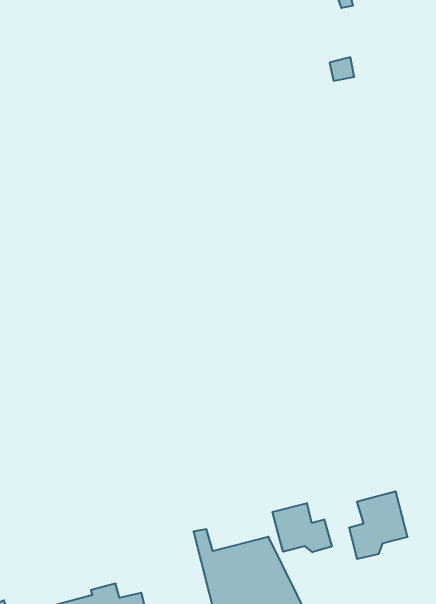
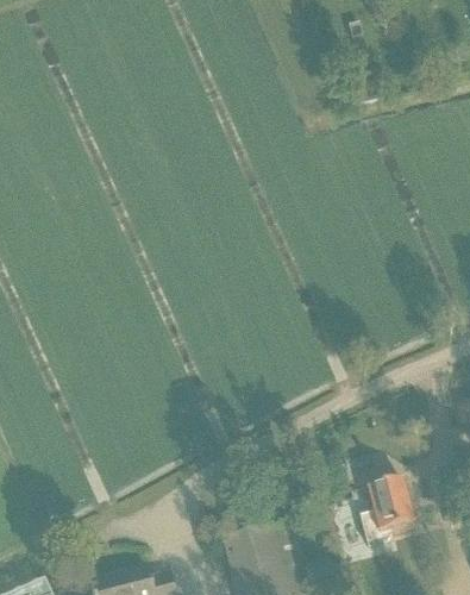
building: [273,503,332,552] -> none

